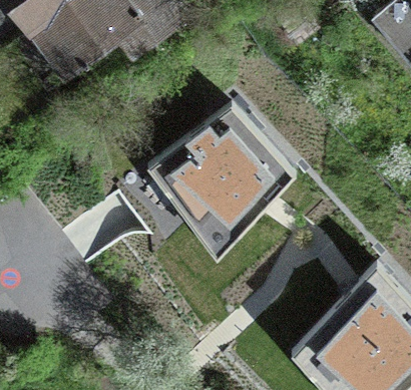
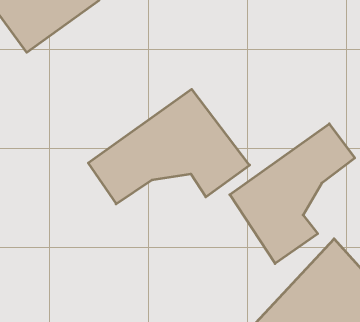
building: none -> [230,124,355,264]

